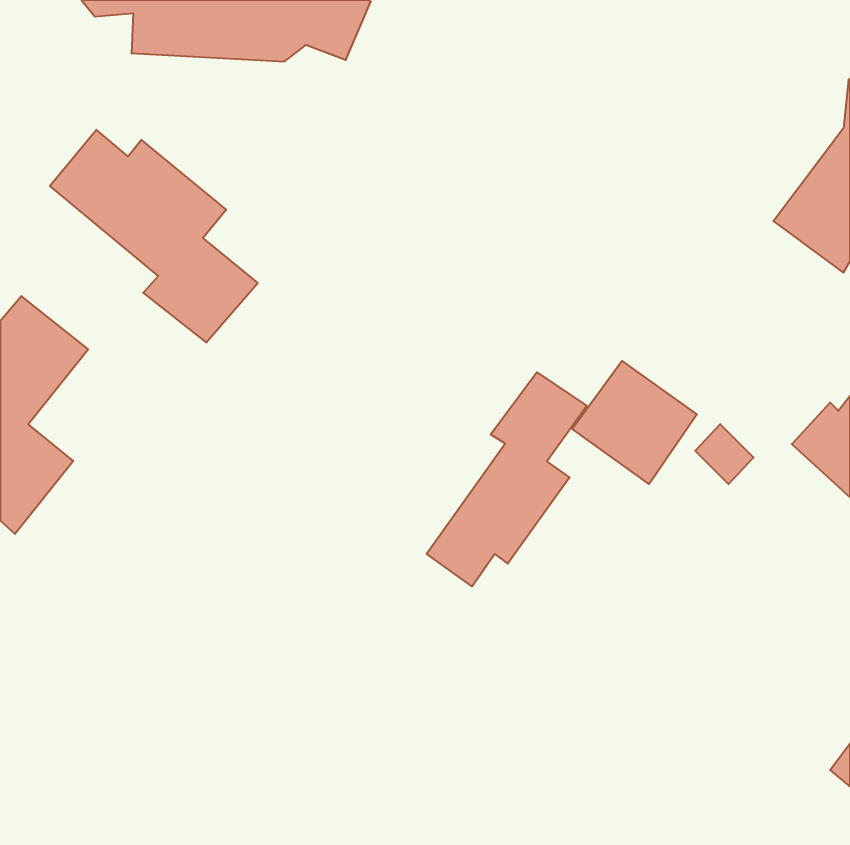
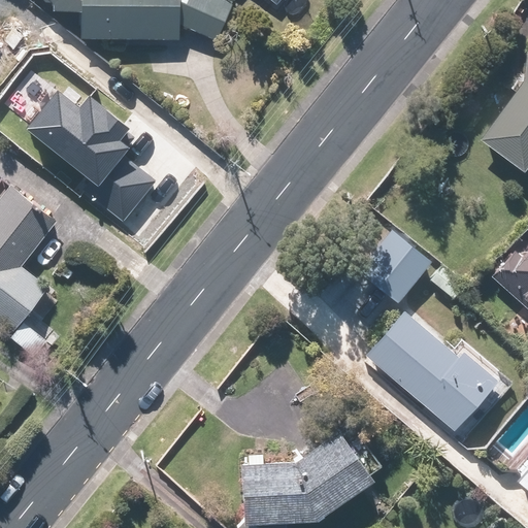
building: [427,372,587,586] -> none
building: none -> [365,311,496,431]
building: none -> [241,429,373,523]

